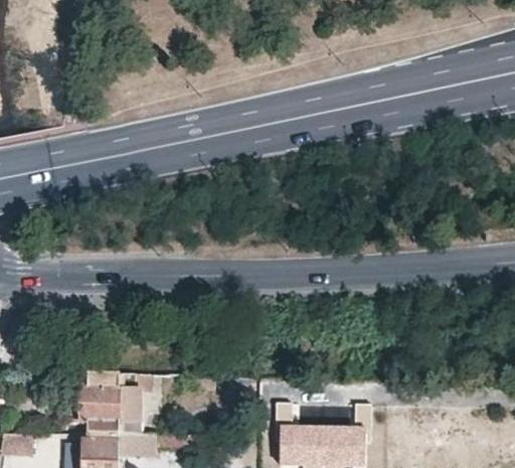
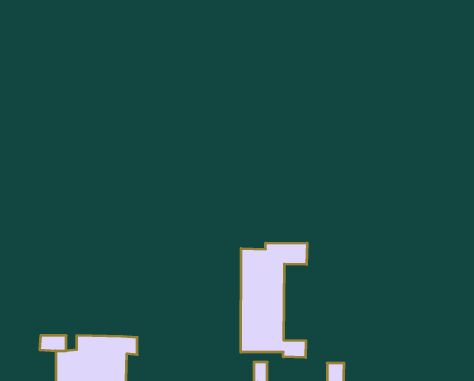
building: none -> [241,243,307,358]

